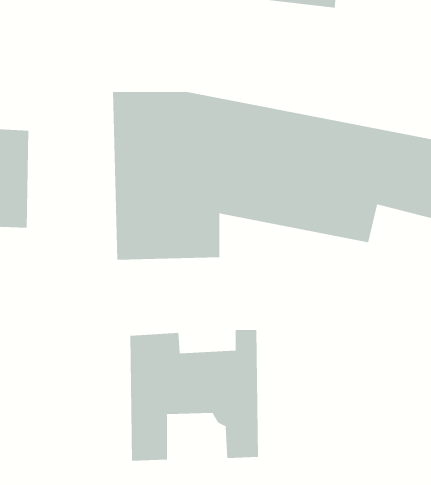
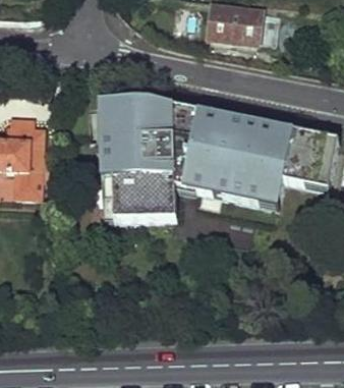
building: [130,329,258,461] -> none

